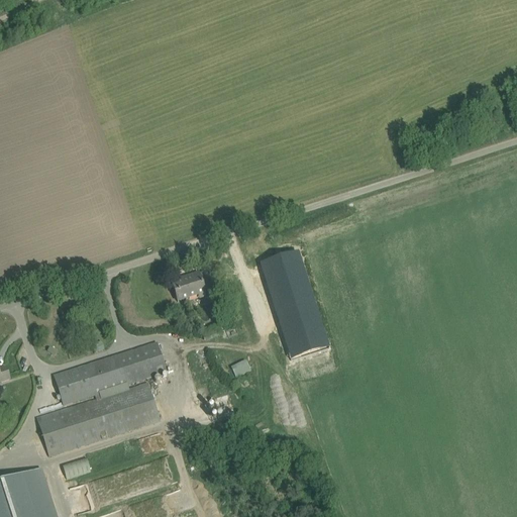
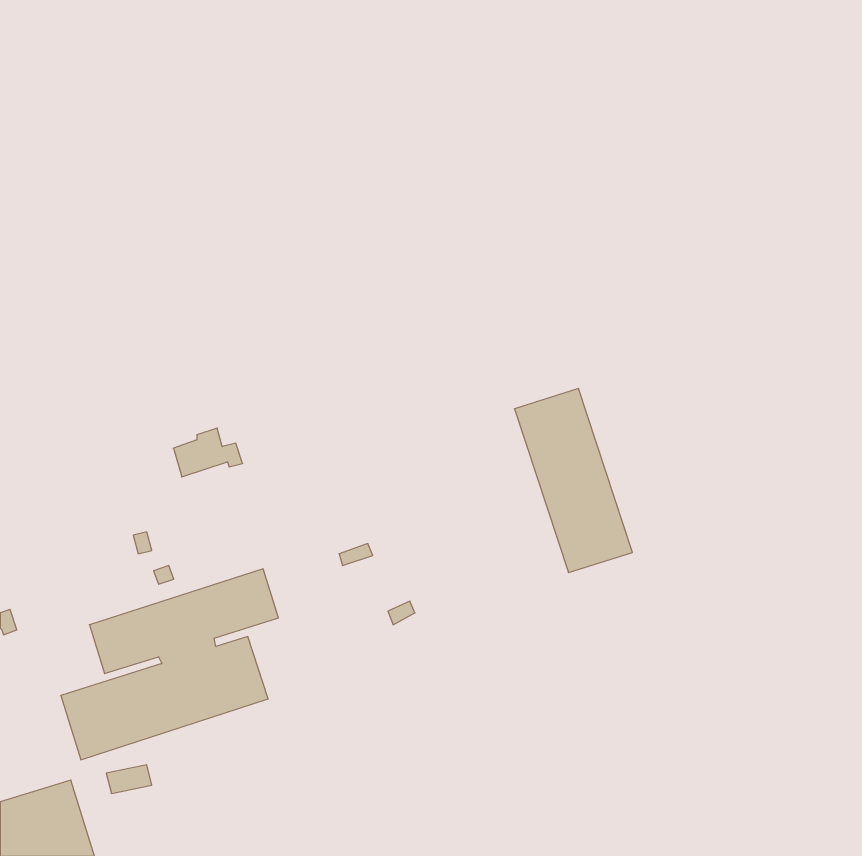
building: [258,249,329,359] -> [514,389,632,573]
building: [173,270,214,299] -> [173,428,243,477]

